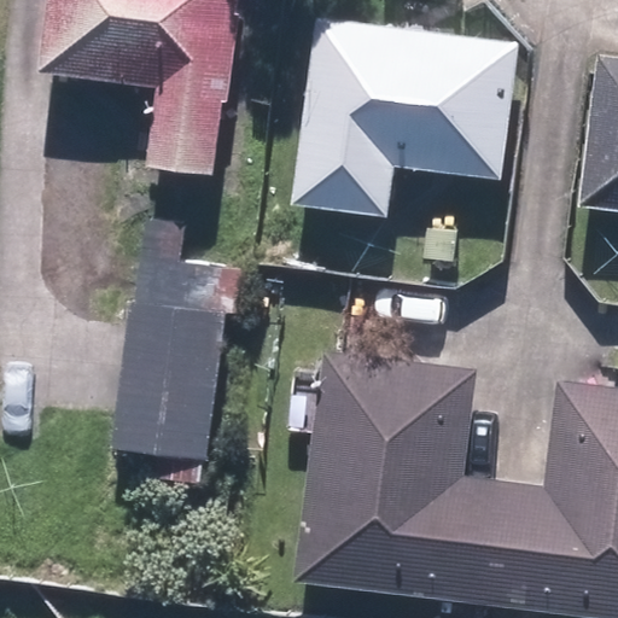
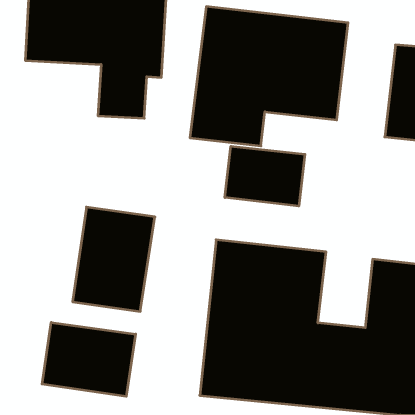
building: none -> [225,146,305,206]
building: none -> [42,322,136,396]

